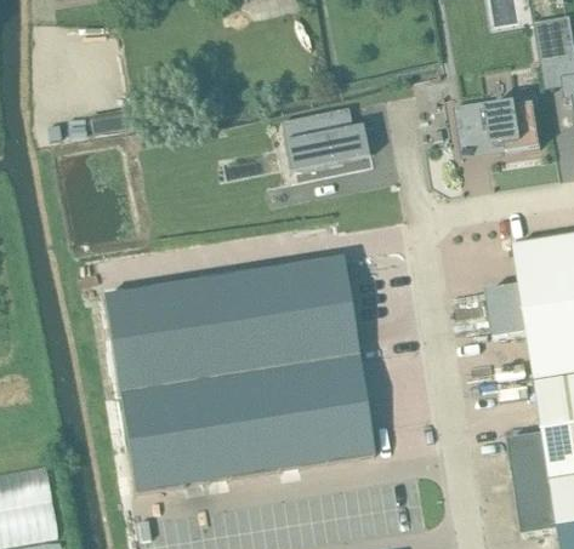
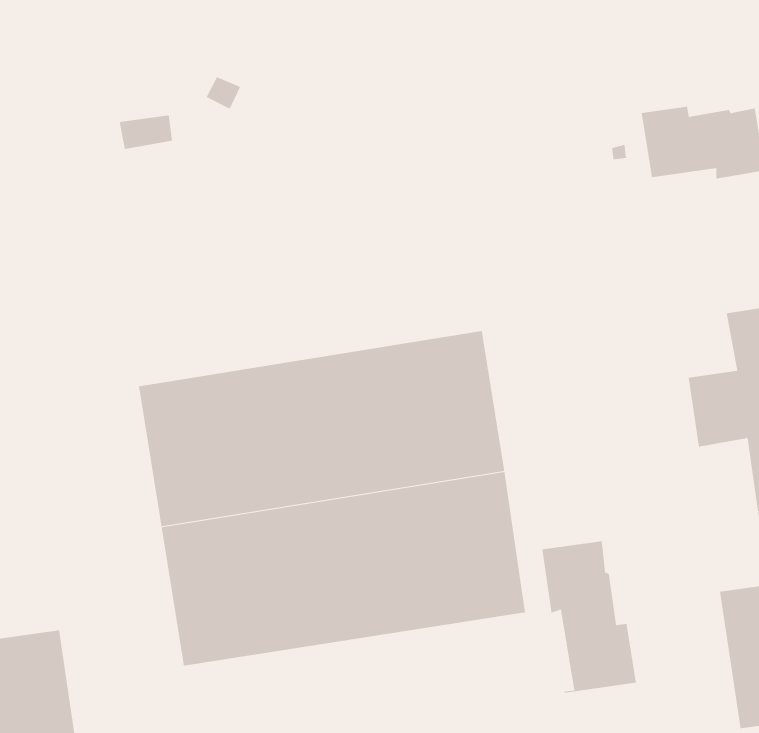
building: [282,107,369,172] -> none
building: none -> [542,541,636,693]

